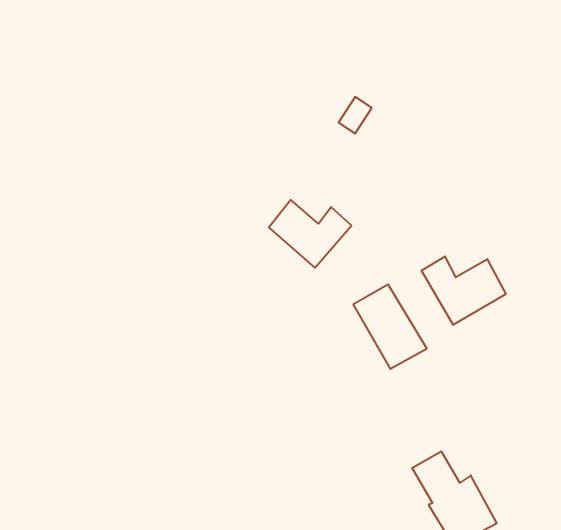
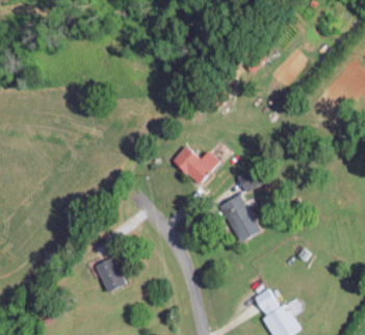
building: [422,256,506,325] -> none
building: none -> [96,257,125,291]

